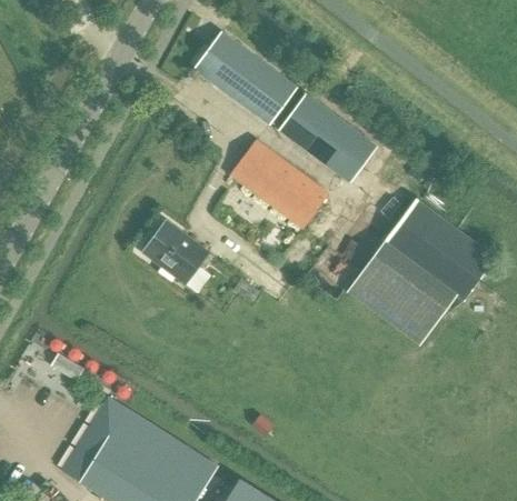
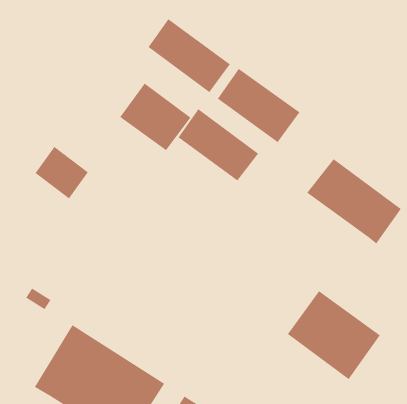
building: none -> [119,82,192,151]
building: [143,220,208,283] -> [34,146,89,200]
building: [346,240,457,347] -> [287,290,381,380]

